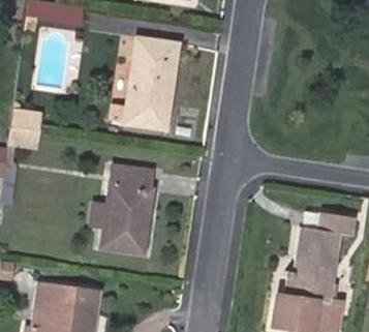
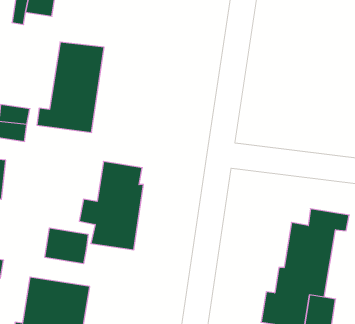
building: [113,39,179,128] -> [37,42,104,132]
building: none -> [45,228,88,264]

